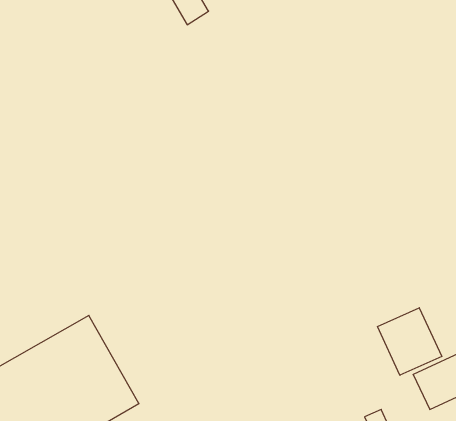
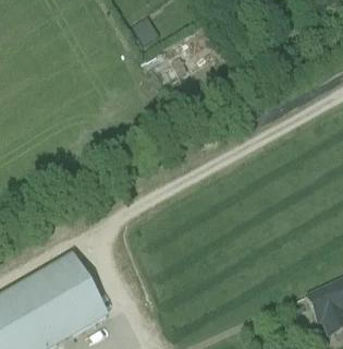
building: [377,308,442,375] -> none

